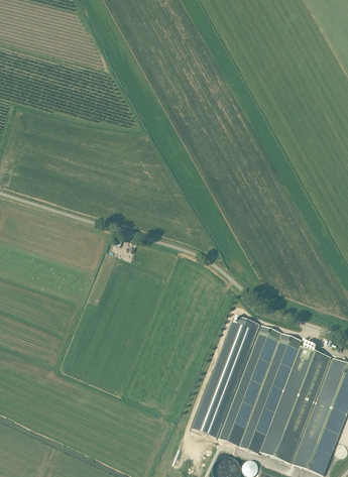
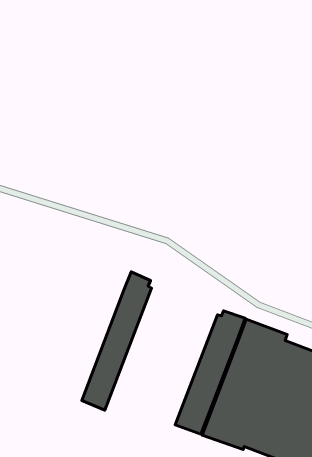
building: none -> [82,272,152,410]

